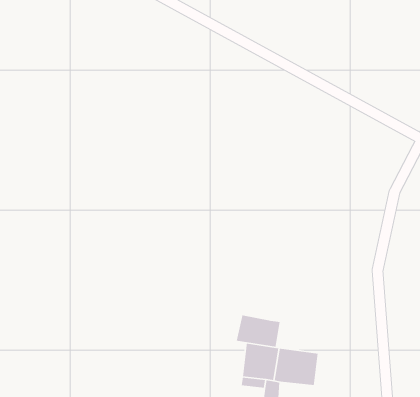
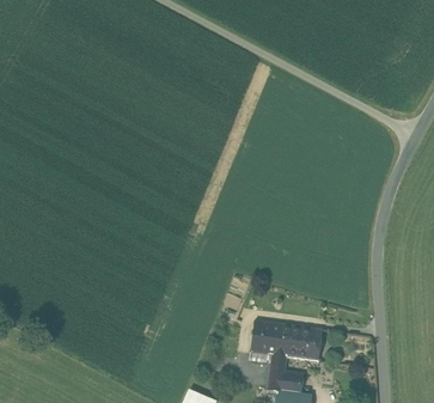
building: [236,315,280,347] -> none

